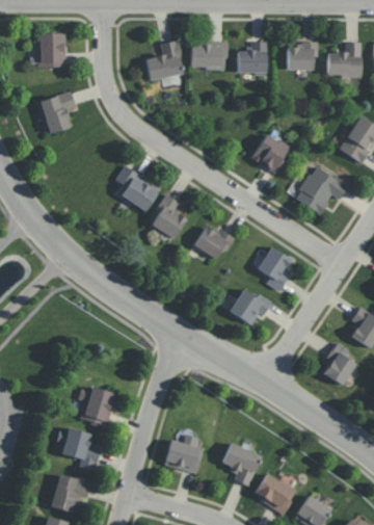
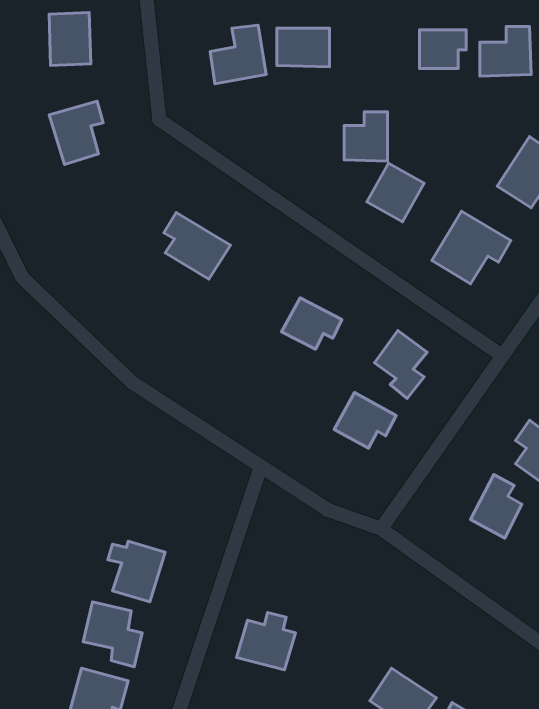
building: [238,41,267,74] -> [344,112,388,161]
building: [151,194,185,238] -> none
building: [222,443,262,485] -> none

